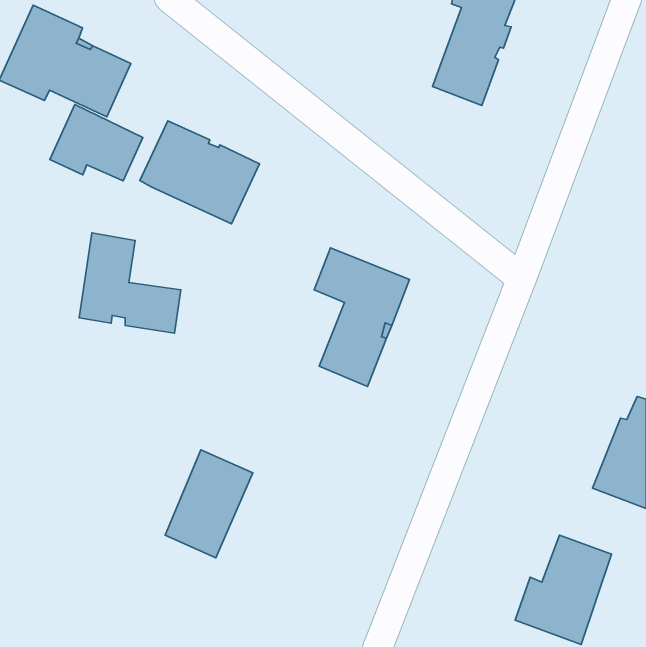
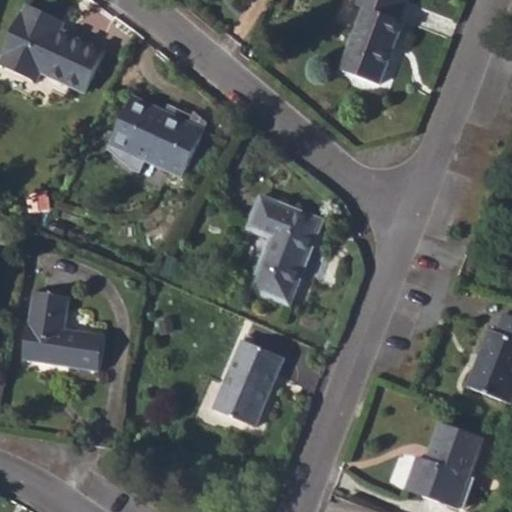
building: [50,105,143,181] -> none
building: [79,233,181,333] -> [24,290,104,369]
building: [165,450,253,558] -> [214,340,283,425]

